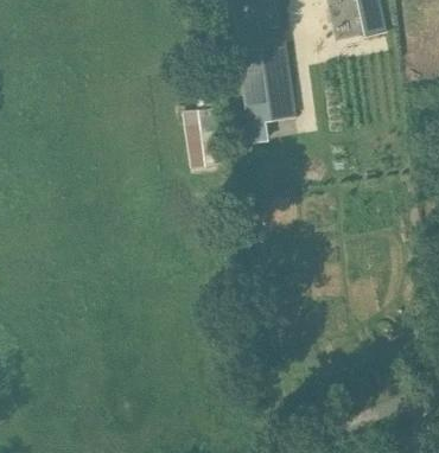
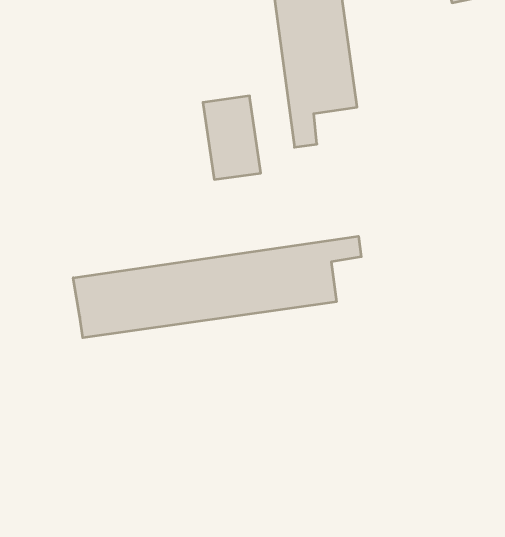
building: none -> [73,236,361,338]

